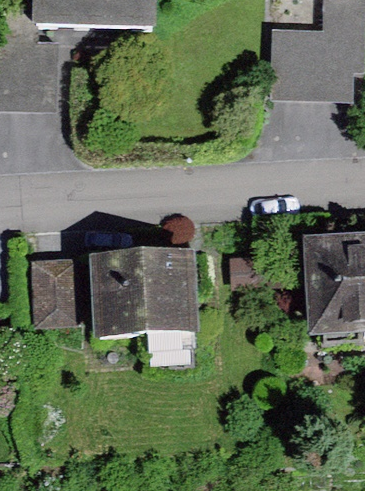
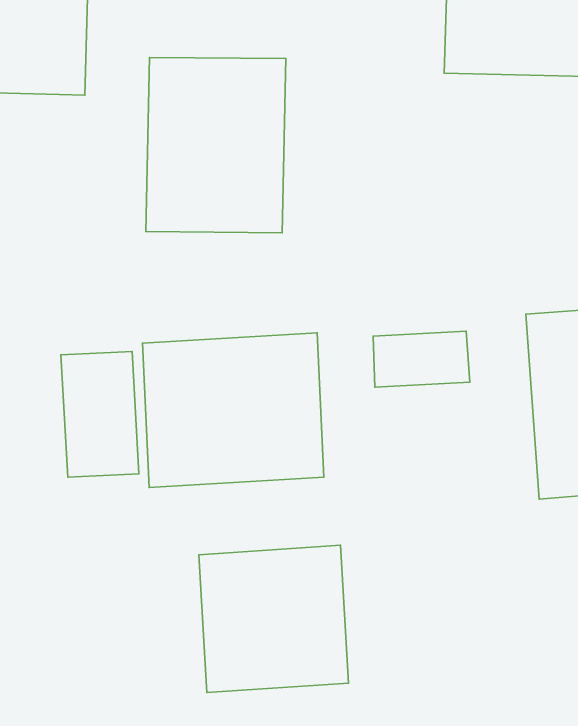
building: none -> [146,57,286,233]
building: none -> [199,545,348,693]

